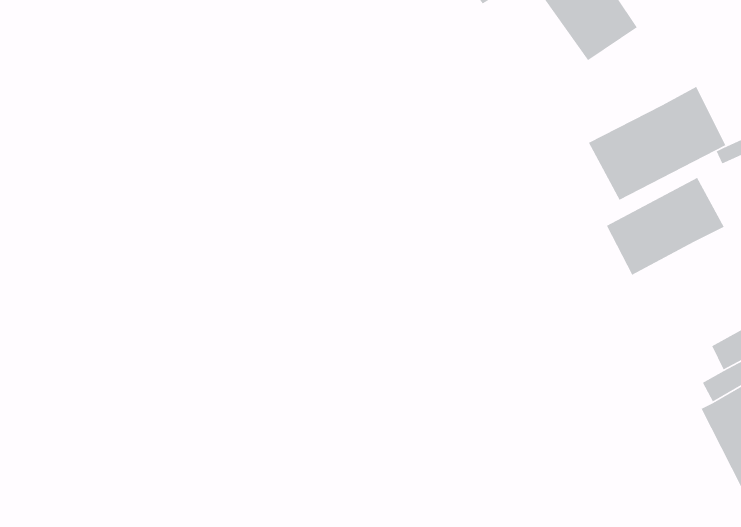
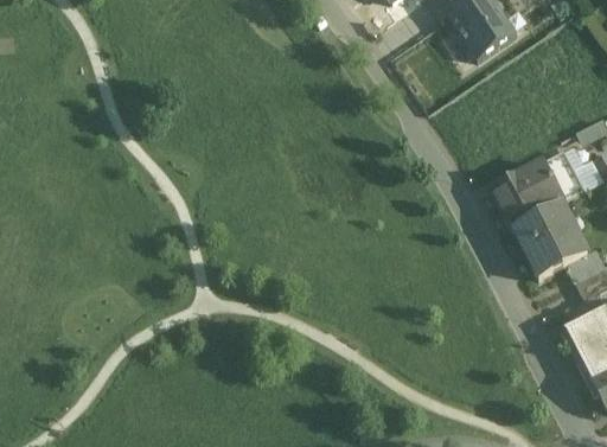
building: [588,86,726,201] -> none
building: none -> [512,202,587,277]

